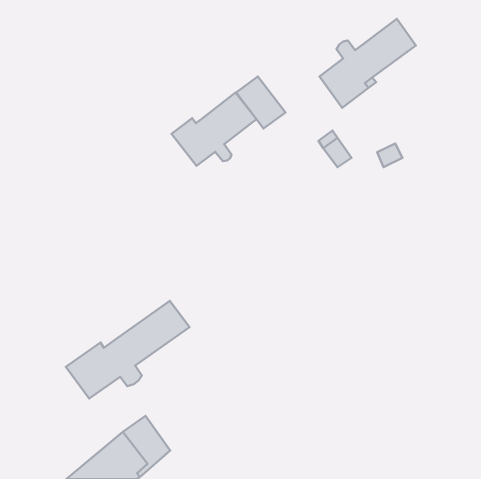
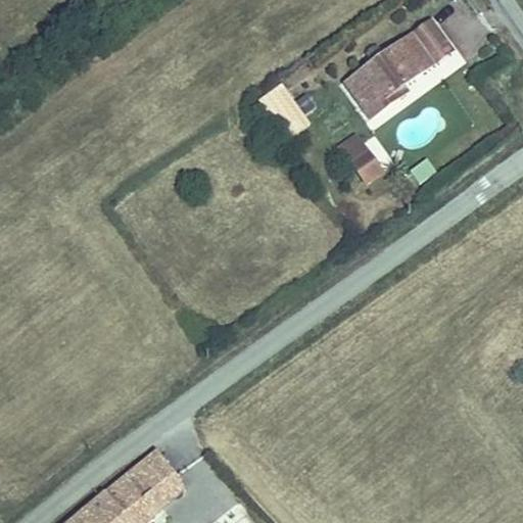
building: [172,93,257,166] -> none
building: [66,301,190,398] -> none

